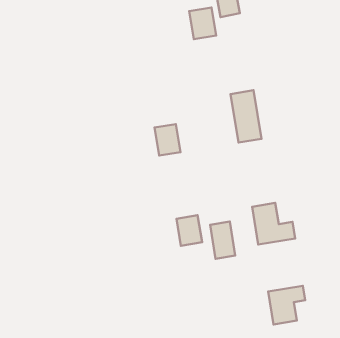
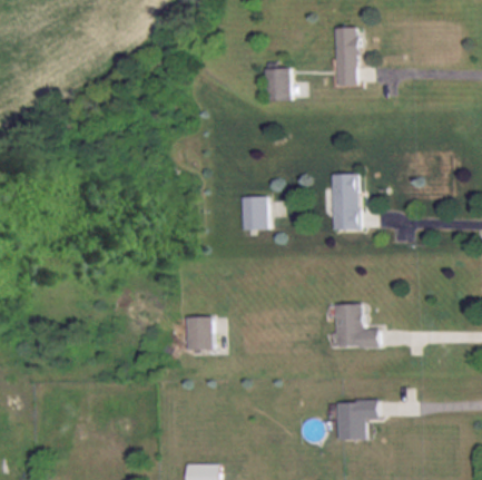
building: [189,7,216,39] -> [264,68,289,100]
building: [176,215,202,246] -> [186,317,210,349]
building: [210,222,235,259] -> none

